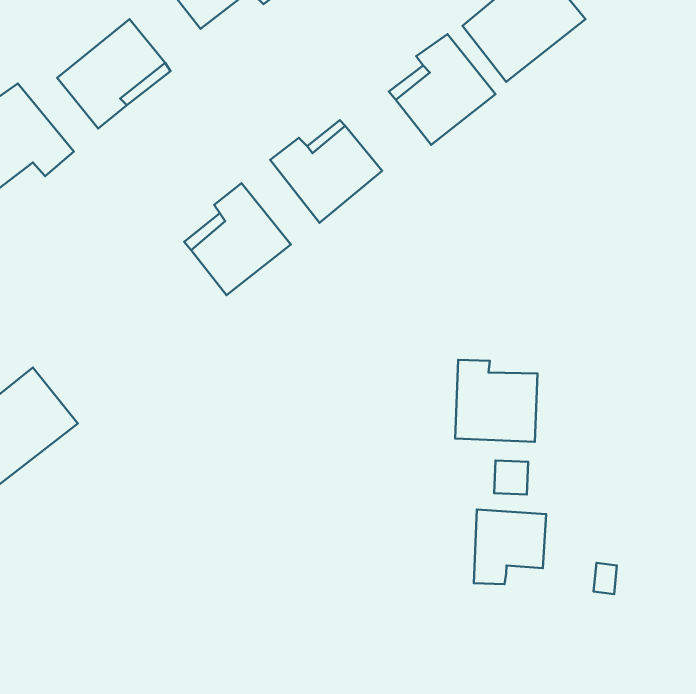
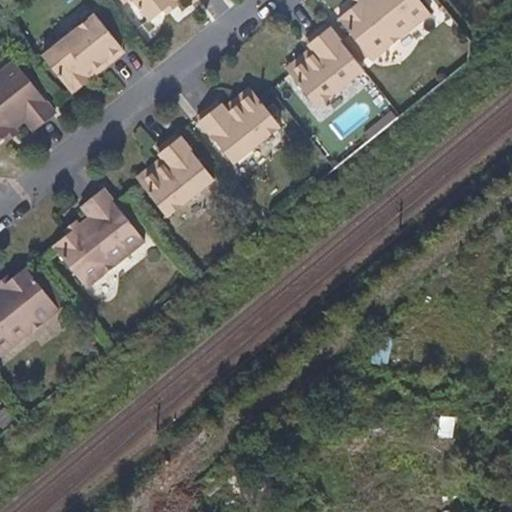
building: none -> [53,190,145,287]
building: [455,360,538,442] -> none
building: [474,509,546,584] -> none

